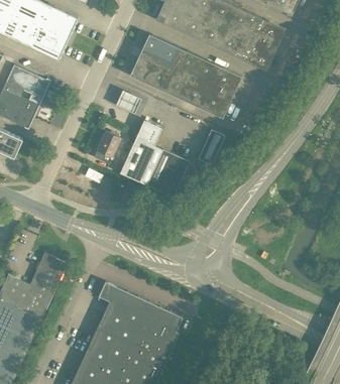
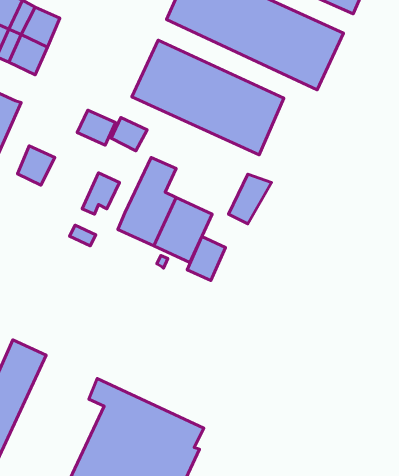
building: none -> [77,110,116,145]
building: none -> [17,146,55,185]
building: none -> [187,237,226,281]

